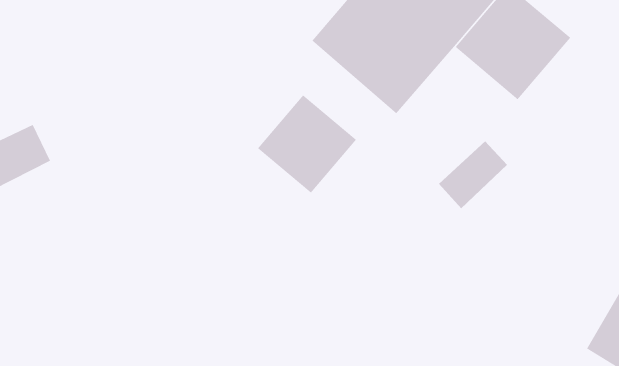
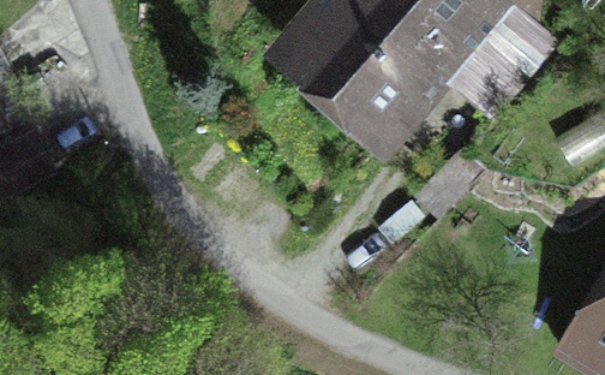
building: [257,94,357,193] -> none

